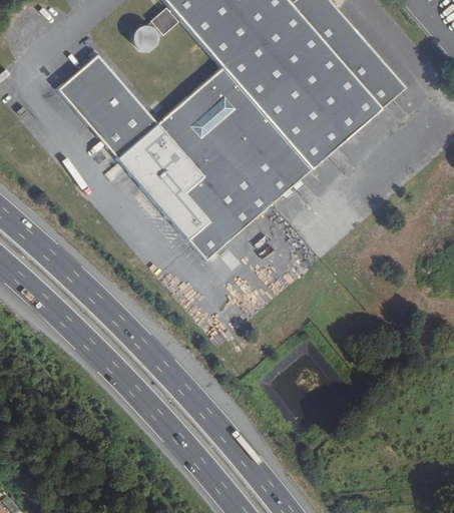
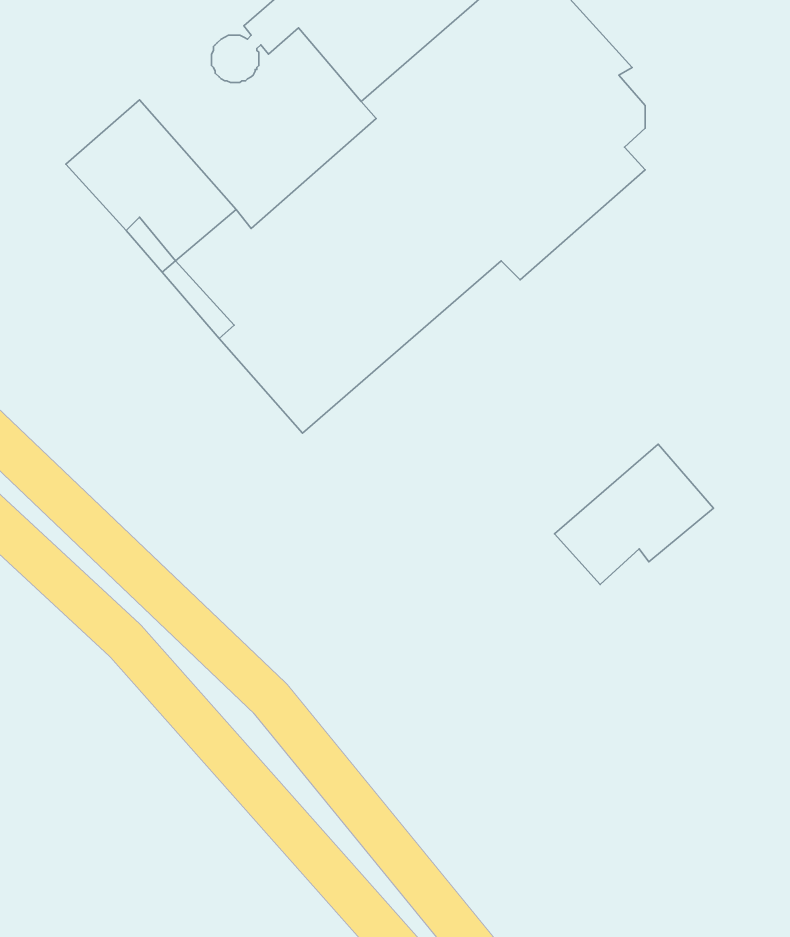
building: [186,41,403,259] -> none
building: none -> [554,444,714,585]

